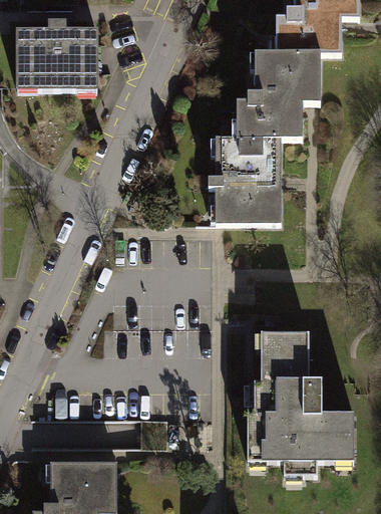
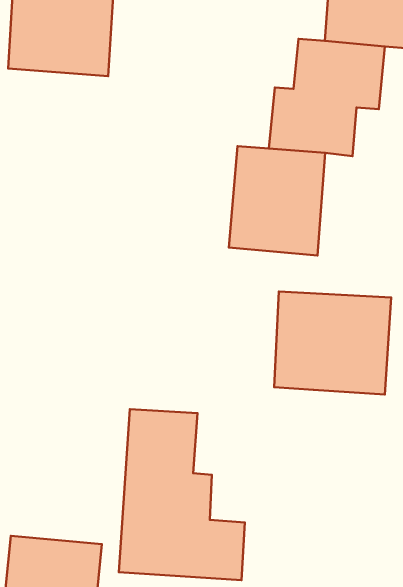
building: none -> [274,291,391,395]
building: [250,340,349,472] -> [119,409,245,580]

